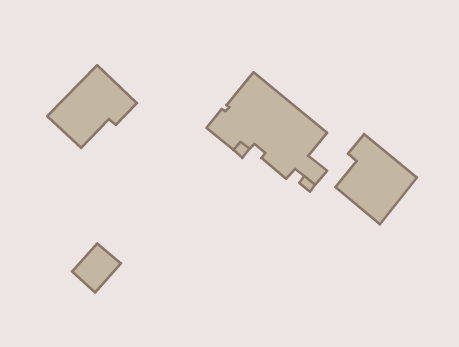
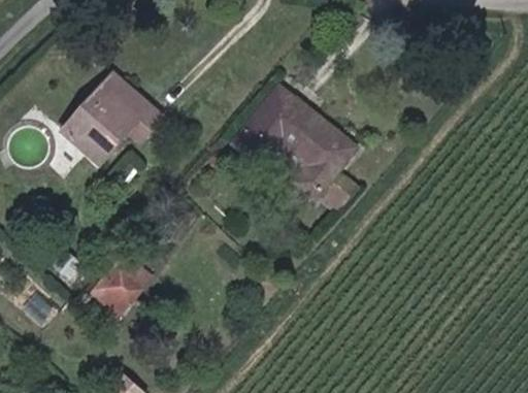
building: [335,134,417,224] -> none

